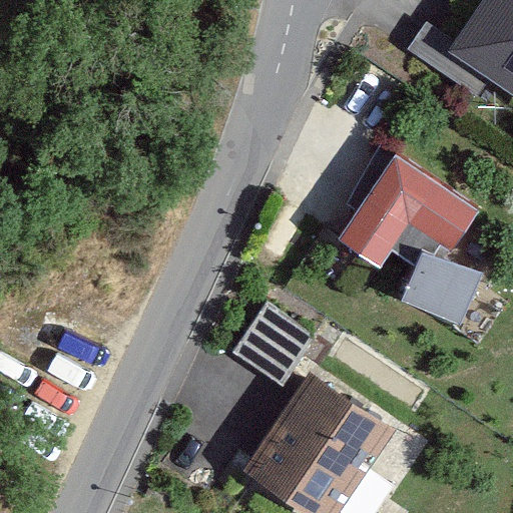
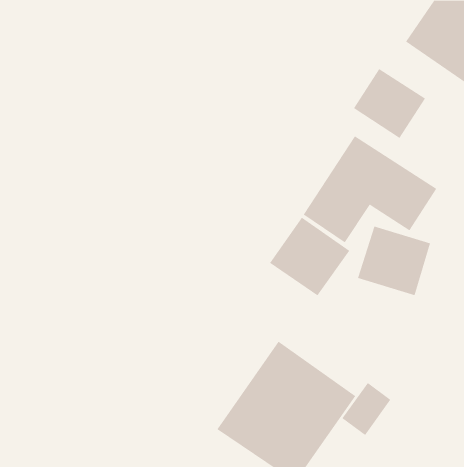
building: none -> [353,68,426,139]
building: [232,303,321,389] -> [269,217,350,296]

